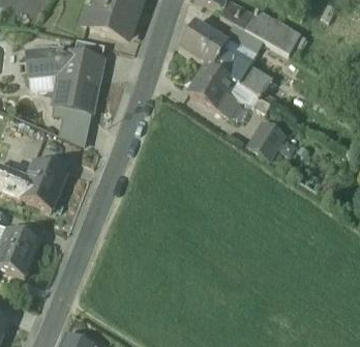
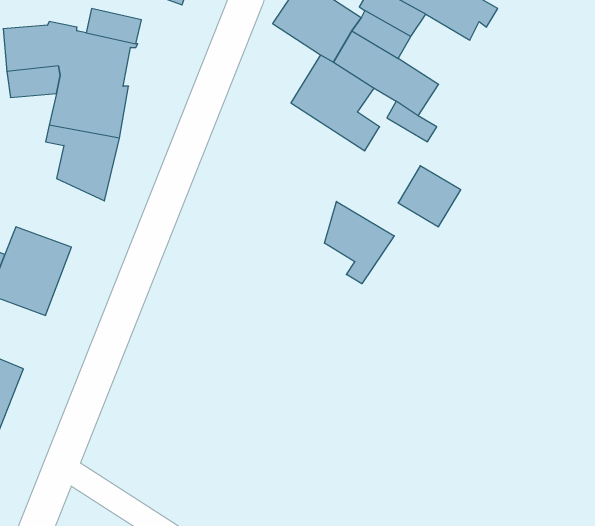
building: none -> [324,201,394,284]

